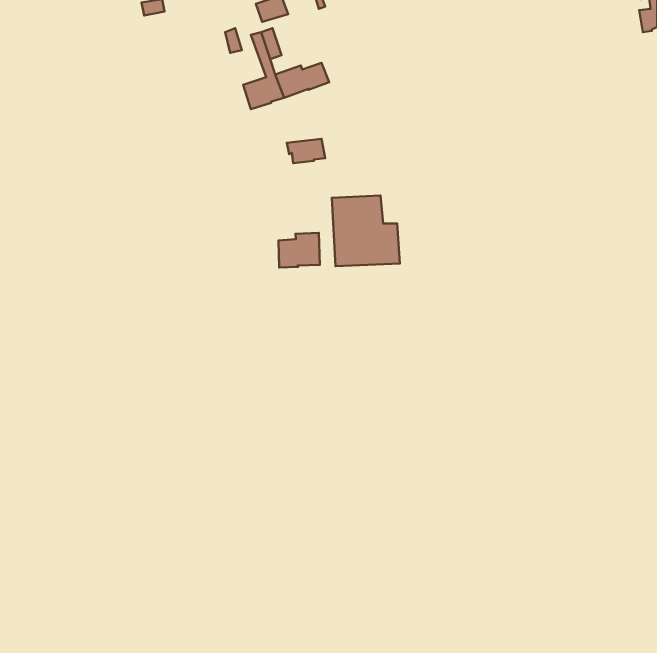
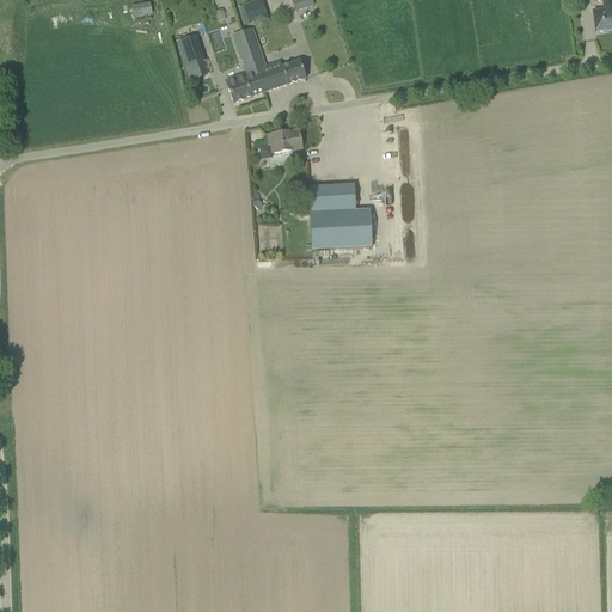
building: none -> [177,33,204,79]
building: [278,233,320,267] -> none

